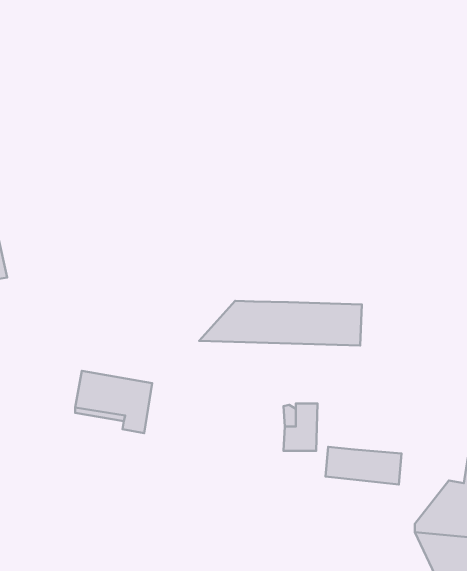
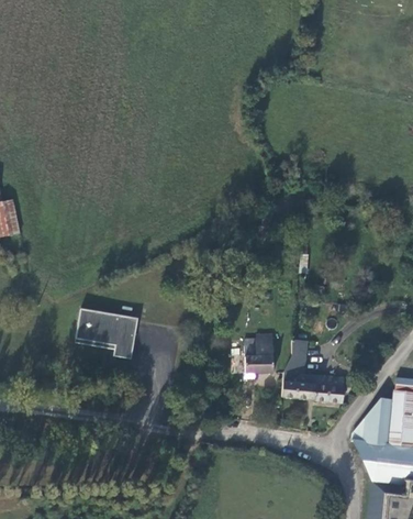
building: [199,301,362,345] -> none
building: none -> [282,342,305,373]

